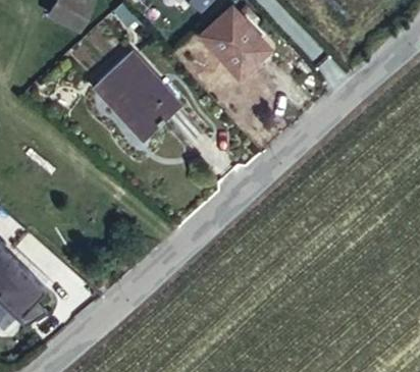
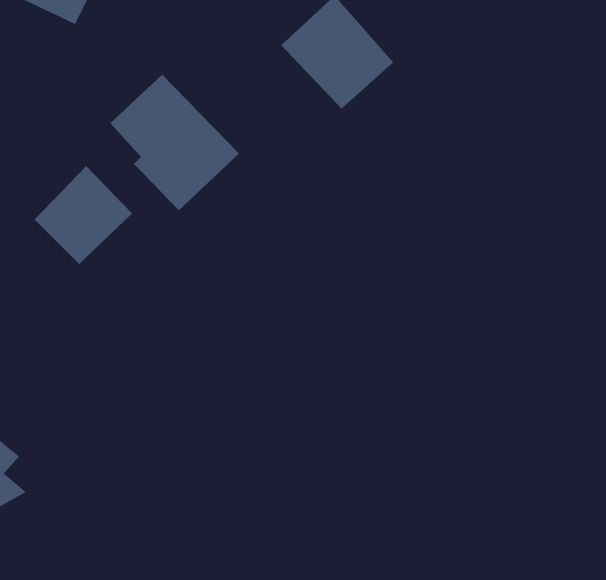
building: none -> [34,165,133,265]

